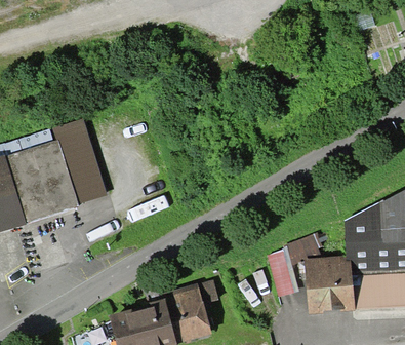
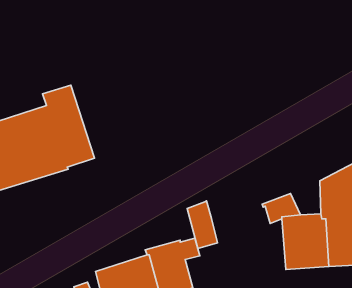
building: [267,246,298,297] -> [187,201,217,249]

